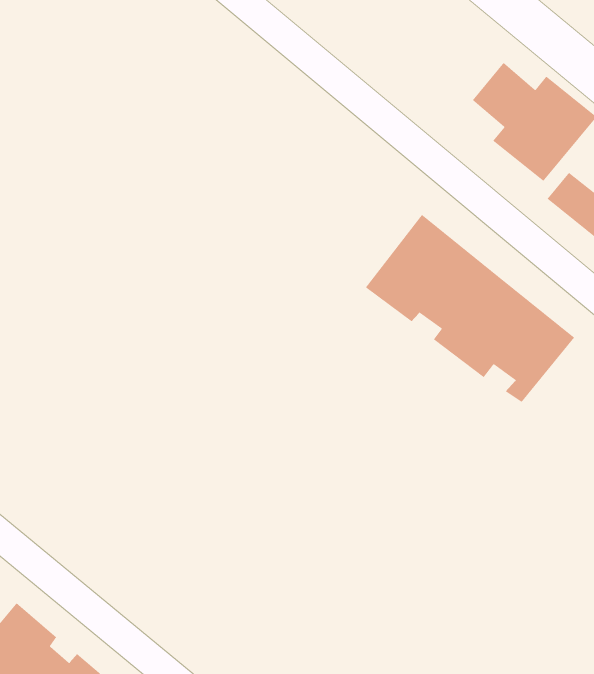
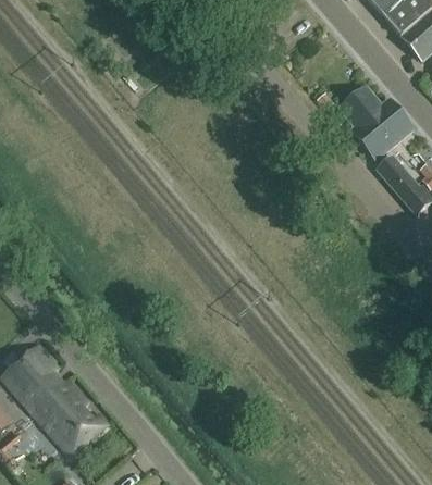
building: [365,214,575,403] -> none

